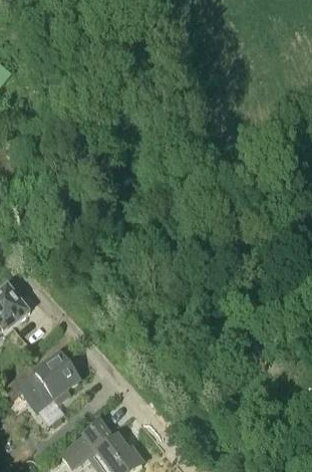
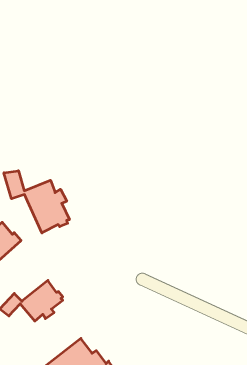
building: none -> [4,171,69,233]

